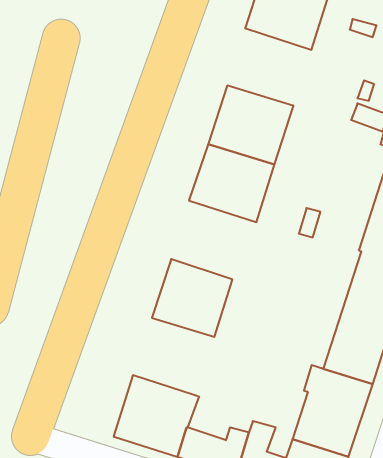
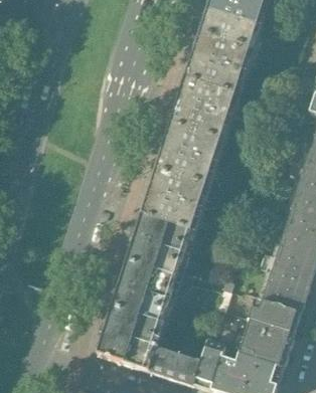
building: none -> [186,31,253,92]
building: none -> [142,167,209,230]
building: none -> [112,259,176,321]

